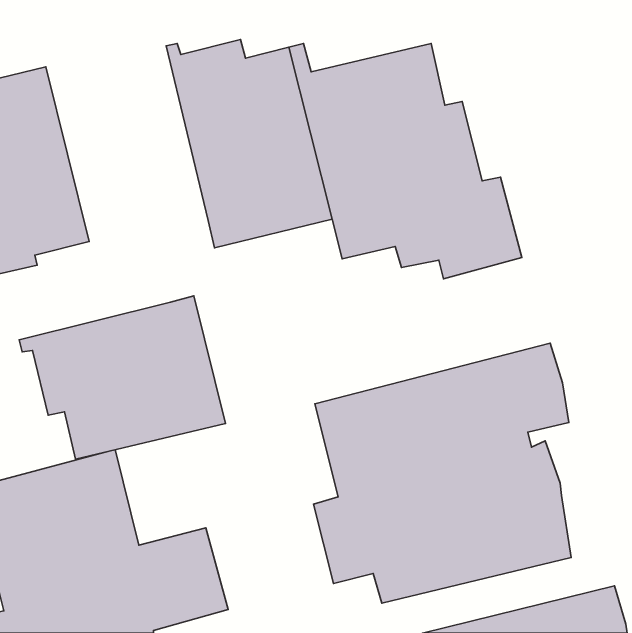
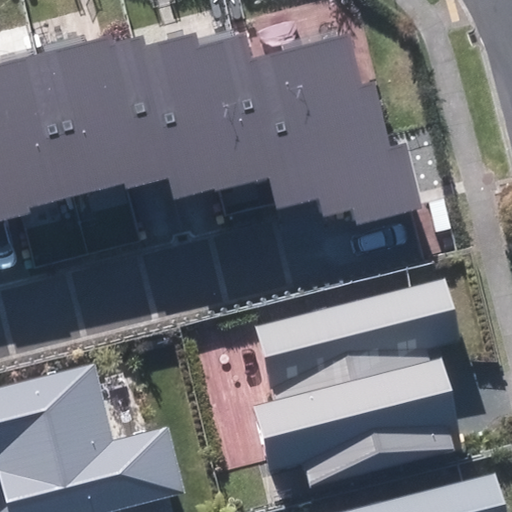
building: none -> [37,35,168,195]
building: [19,296,225,459] -> none

